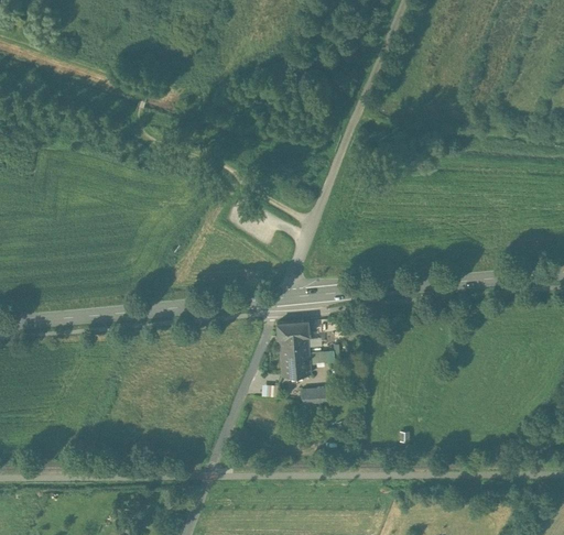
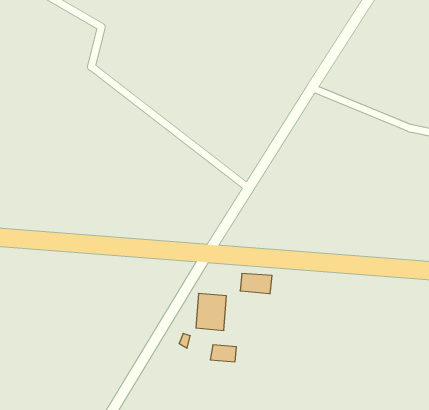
building: [278,320,310,341] -> [240,274,272,294]

